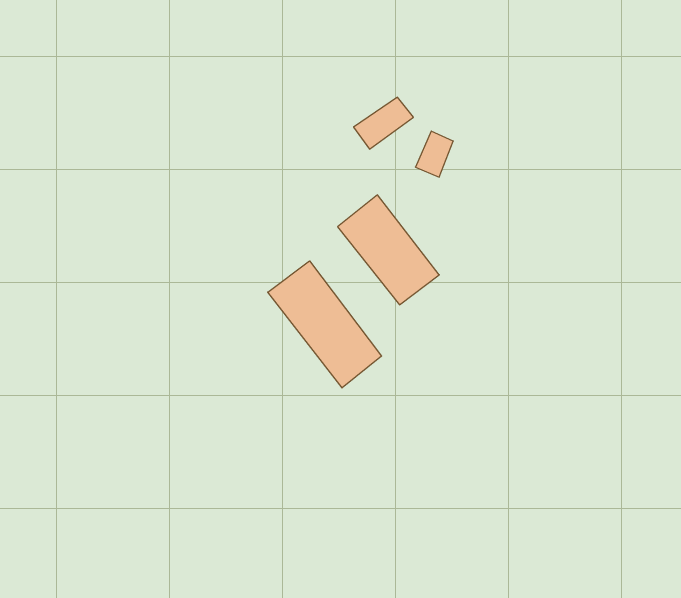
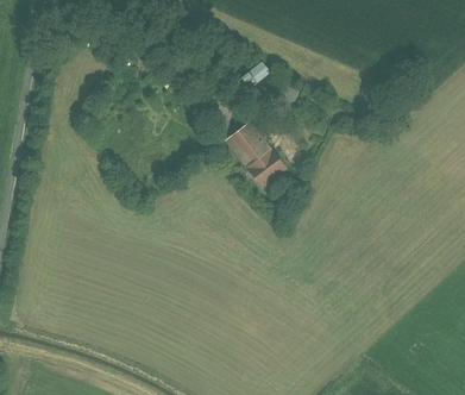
building: [268,261,382,388] -> none

